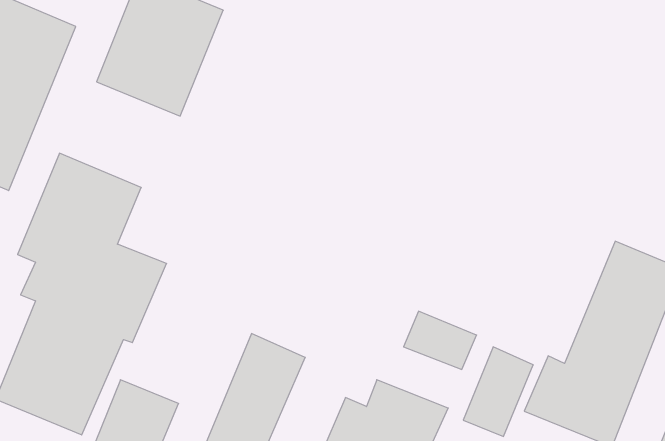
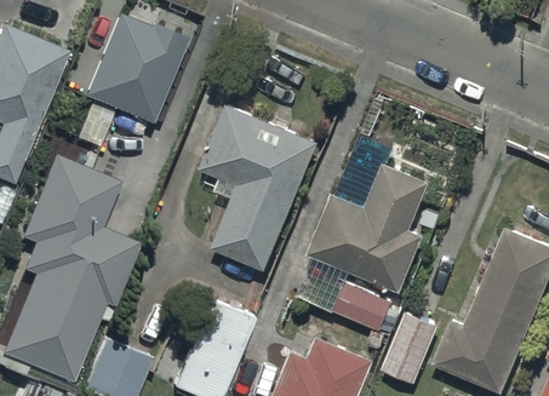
building: none -> [199,103,318,270]
building: none -> [307,162,429,292]

